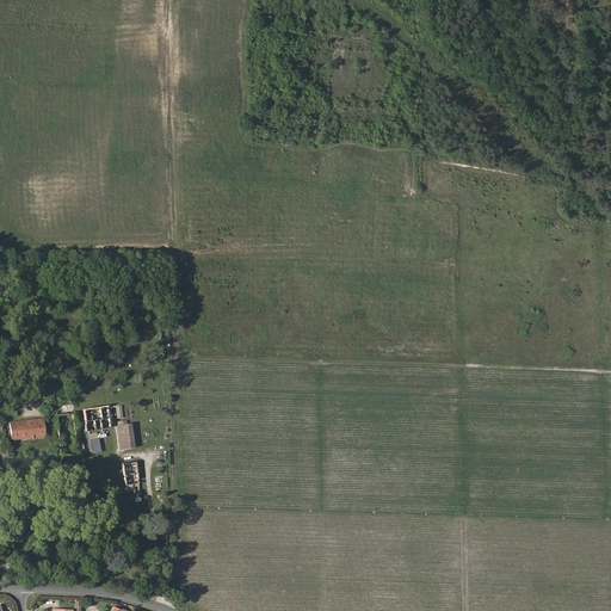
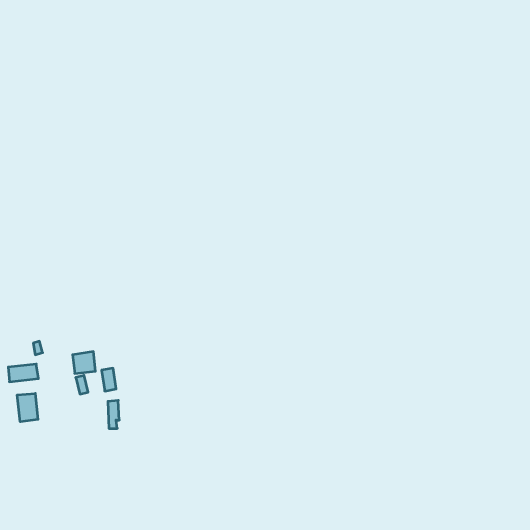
building: none -> [17,393,38,422]

